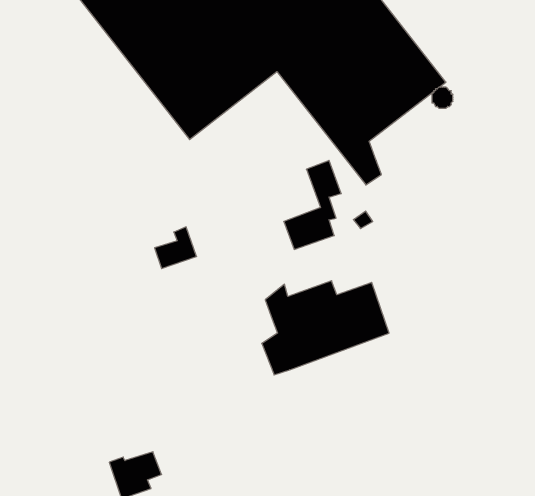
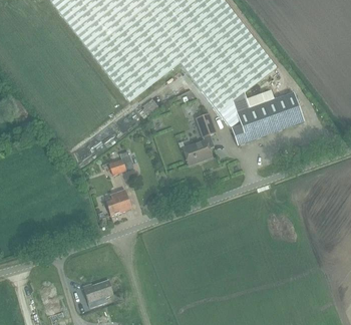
building: [262,281,389,375] -> [231,90,304,144]
building: none -> [105,189,131,215]

